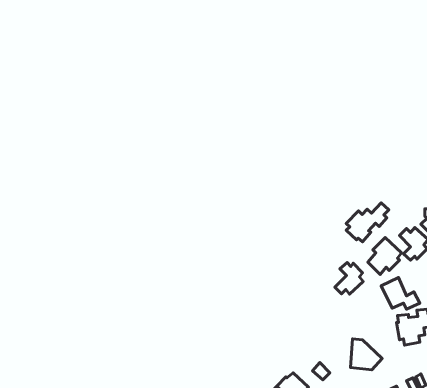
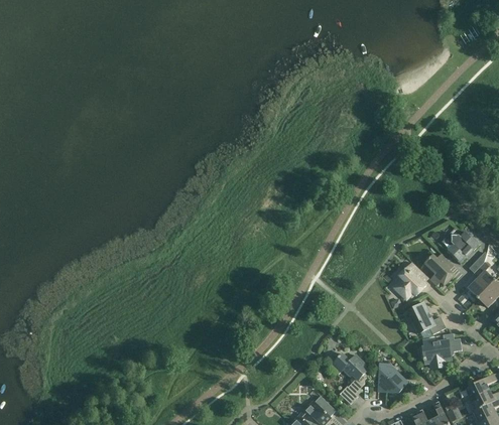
building: [346,203,389,242] -> none
building: [335,263,363,294] -> none
building: none -> [332,352,368,387]

